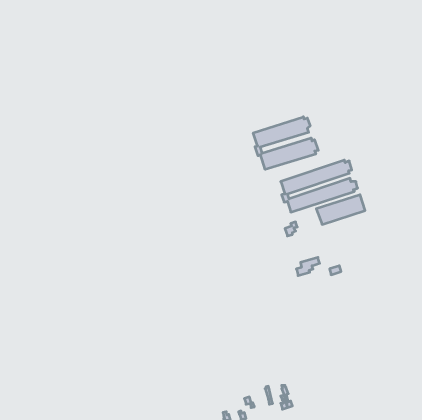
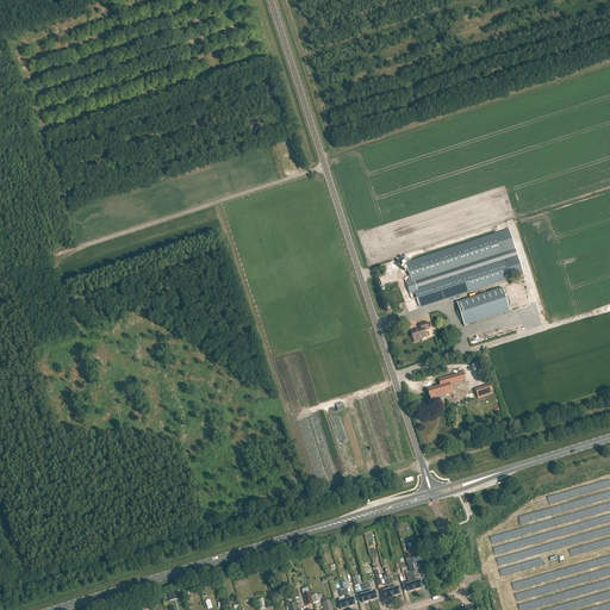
building: [253,117,318,169] -> none

